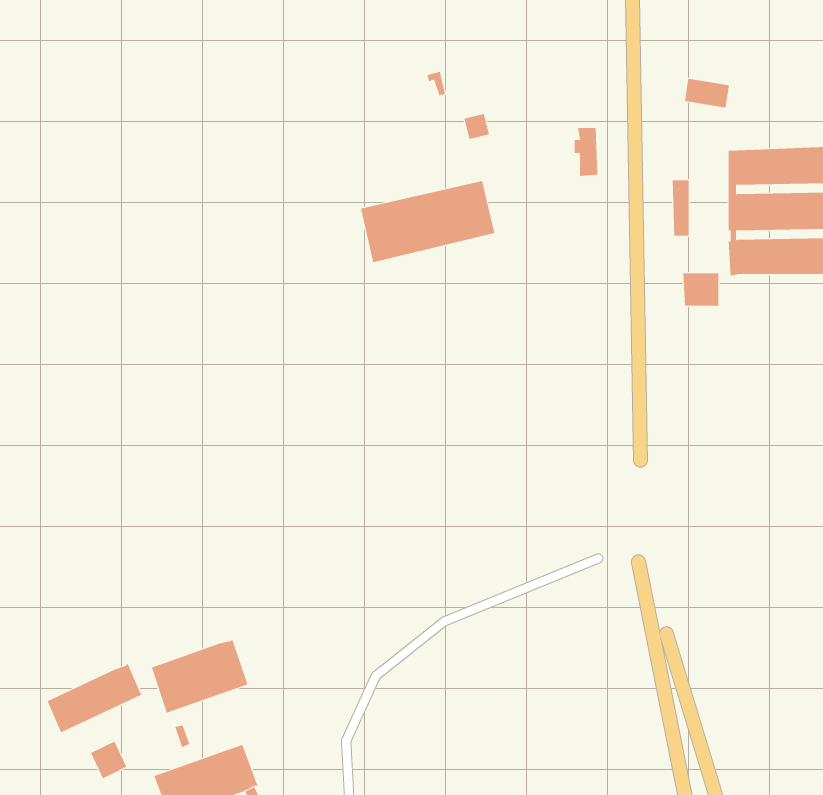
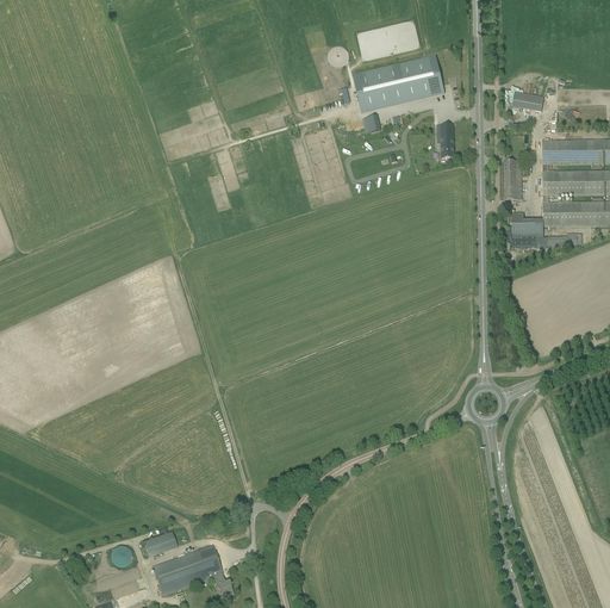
building: [360,180,495,263] -> [353,55,444,111]
building: [151,638,248,714] -> none
building: [47,663,142,733] -> none

